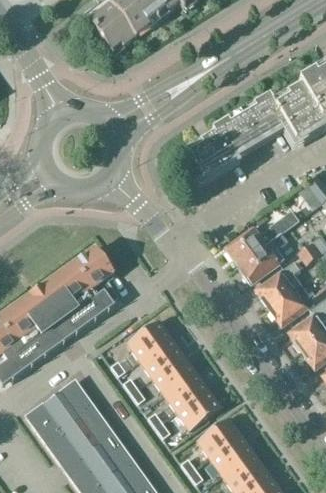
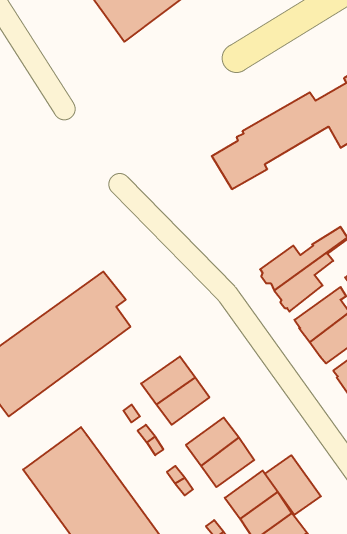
building: [152,355,196,395] -> none
building: none -> [265,455,321,515]

